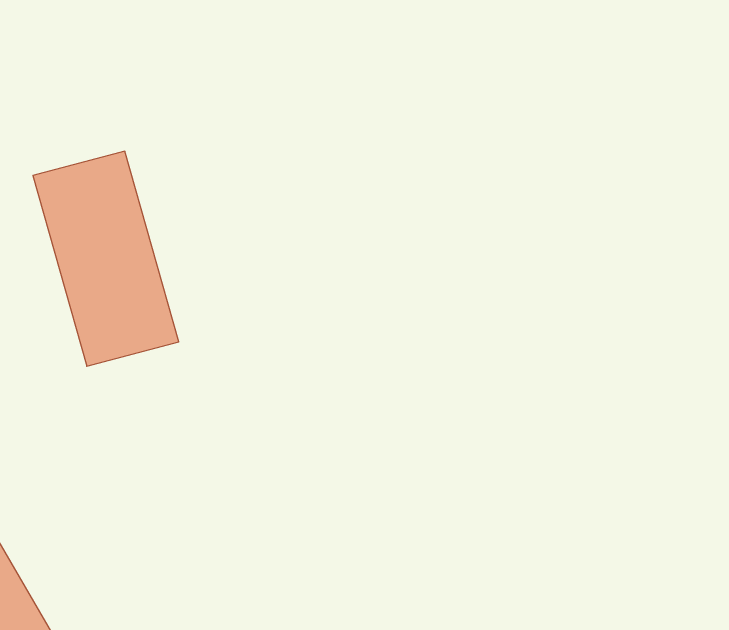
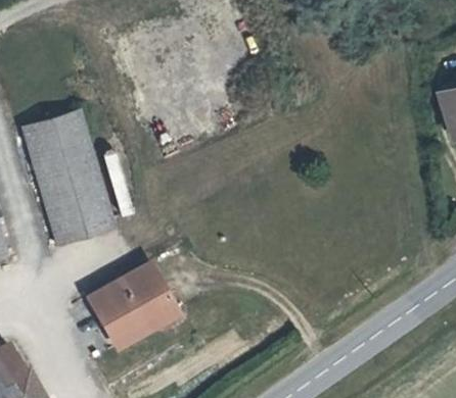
building: none -> [87,265,172,336]

